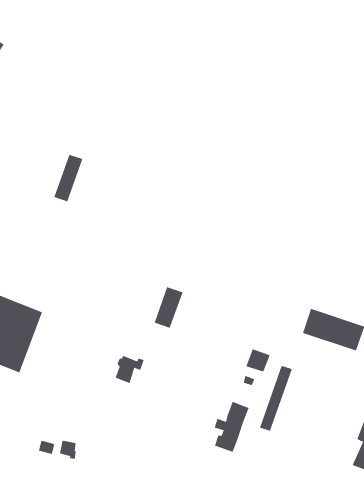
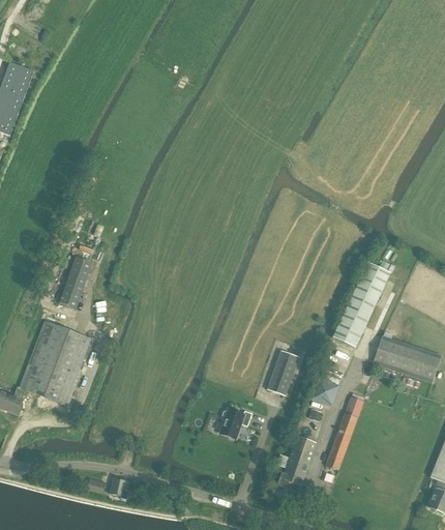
building: [53,154,83,202] -> [59,257,91,308]
building: none -> [332,260,393,347]
building: [154,287,184,329] -> [267,350,299,395]
building: [115,355,145,384] -> [219,408,251,439]

